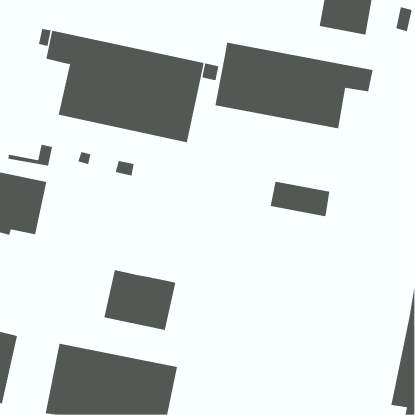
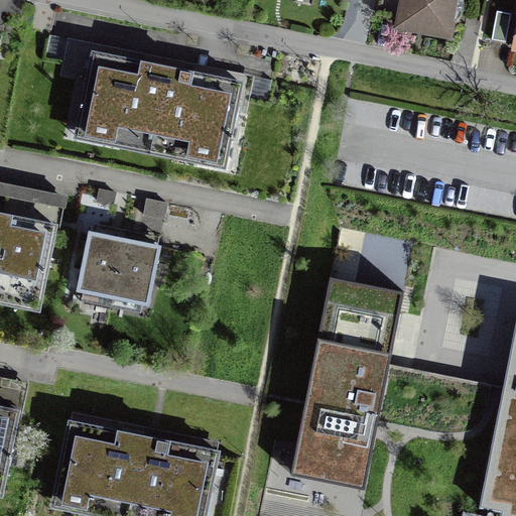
building: [215,42,373,129] -> none
building: none -> [288,274,402,487]
building: [103,269,176,331] -> [73,228,162,303]

